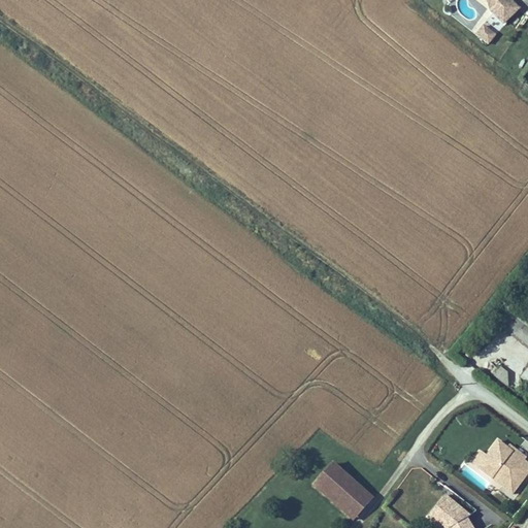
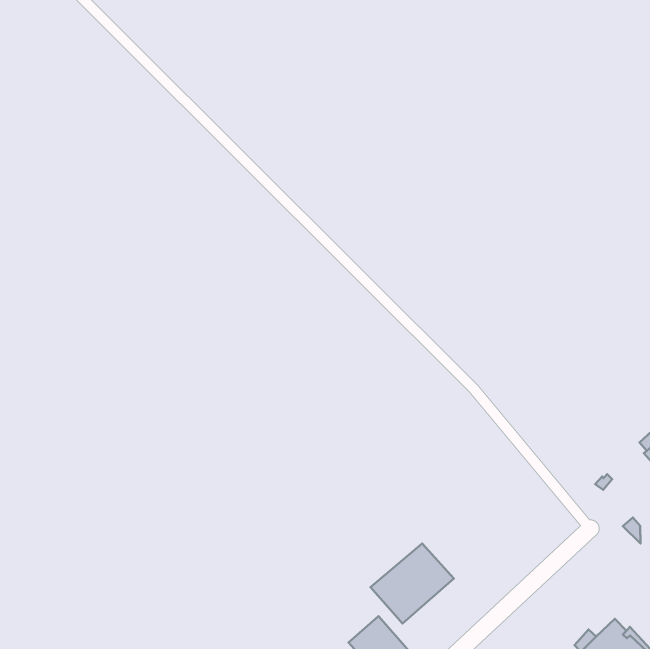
building: none -> [370,544,454,624]

